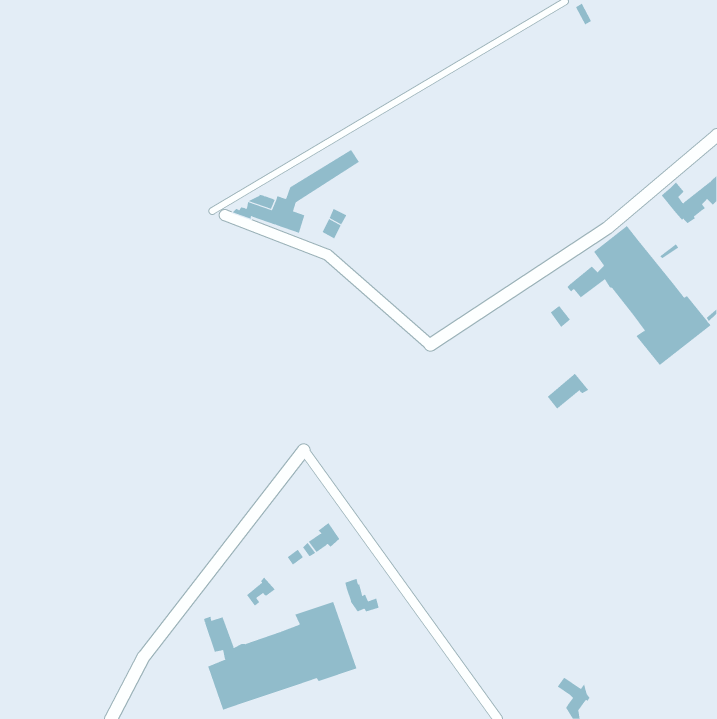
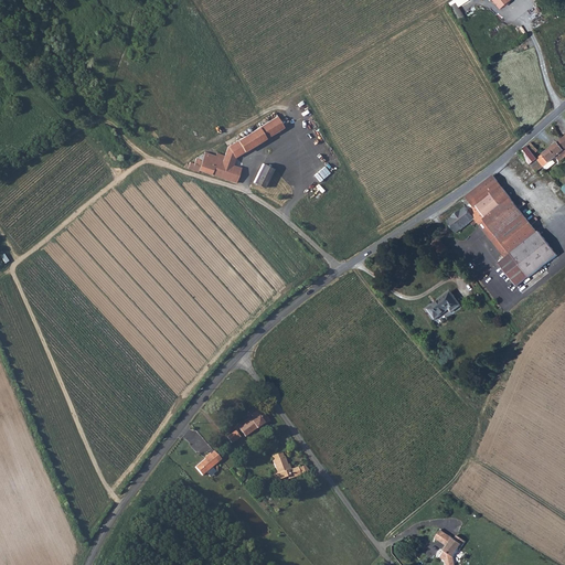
building: [204,601,357,710] -> none

